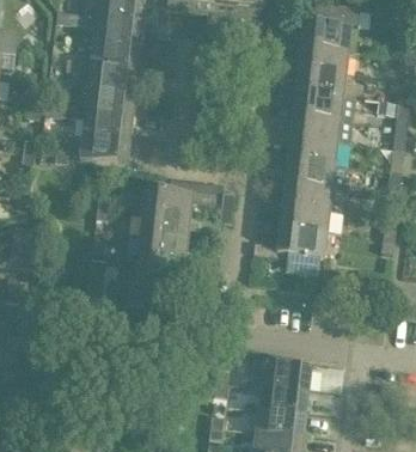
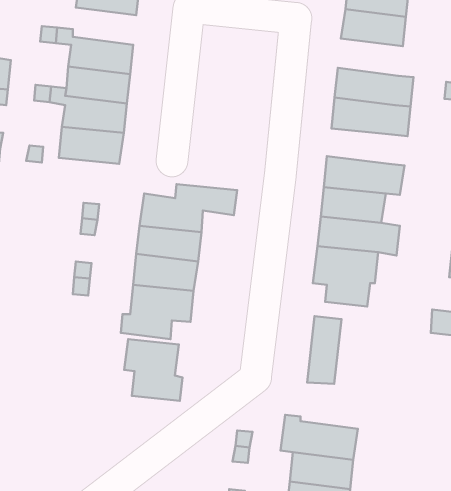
building: [91,43,140,72] -> none
building: [295,67,345,96] -> none
building: [287,136,337,164] -> none
building: none -> [307,316,341,384]
building: none -> [124,339,182,401]

